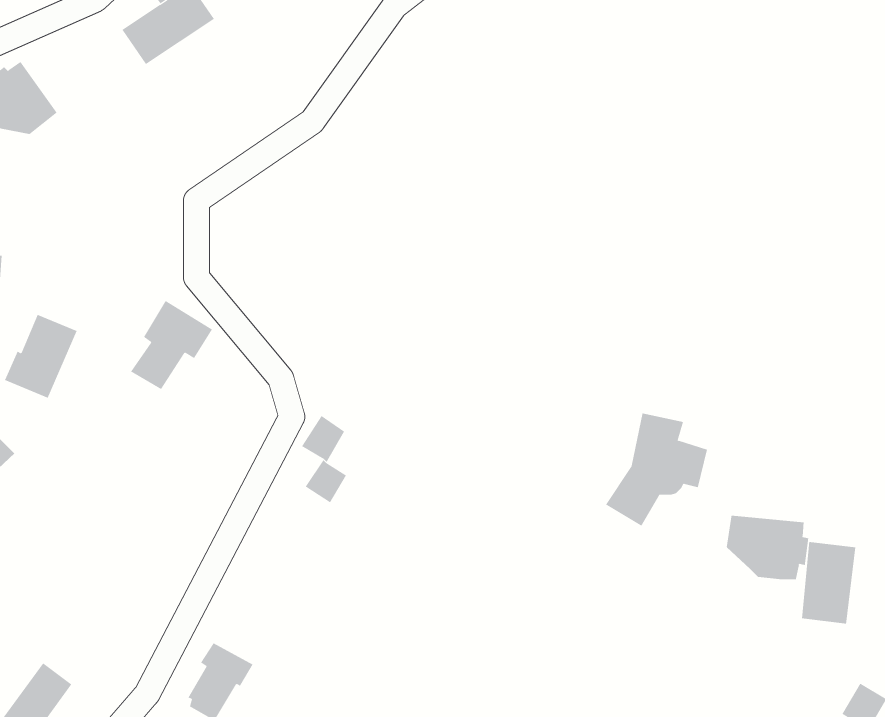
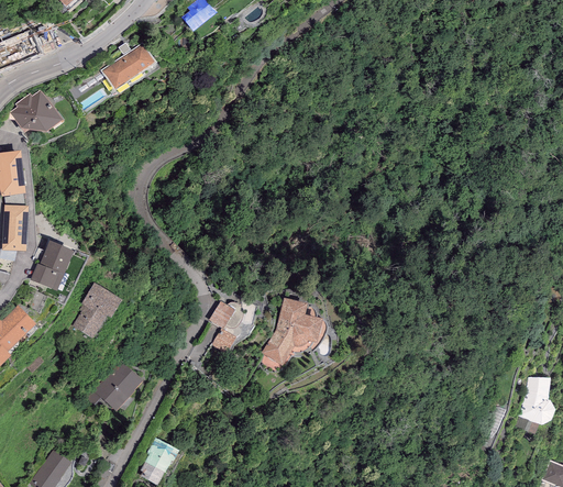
building: [130,300,213,390] -> [73,283,122,336]
building: [605,413,708,526] -> [261,298,322,366]
building: none -> [84,361,143,411]
building: [726,515,809,580] -> none

